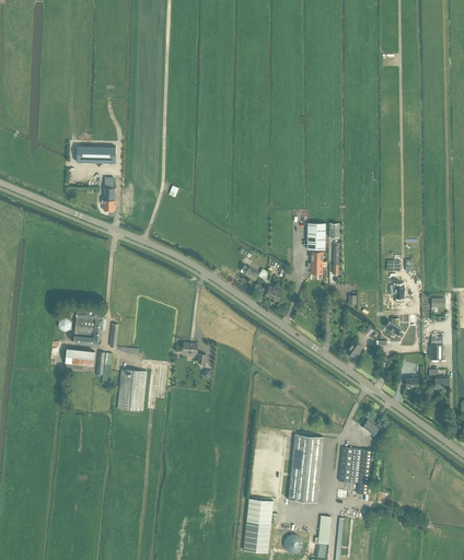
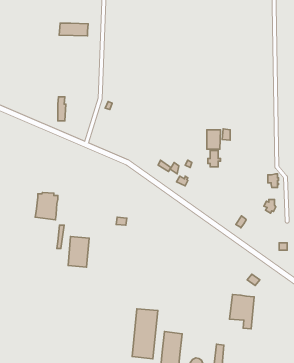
building: [76,145,115,163] -> [59,23,88,36]
building: [65,349,94,370] -> none
building: [288,434,323,502] -> [132,309,158,359]

